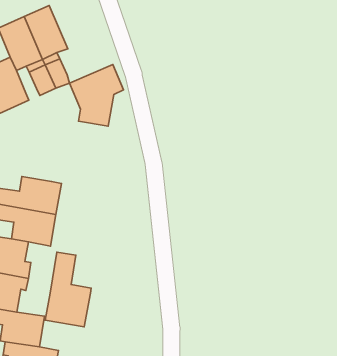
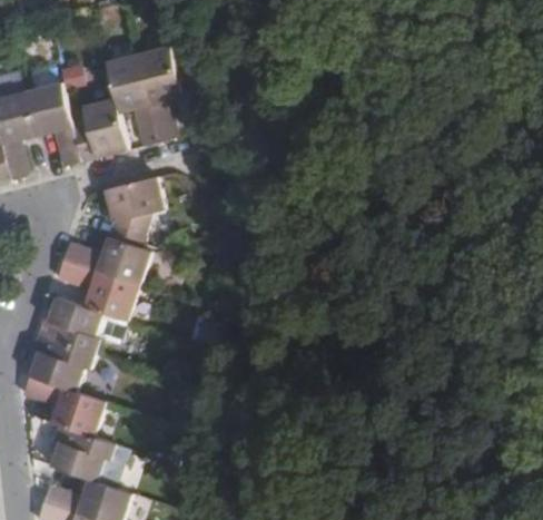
building: [69,65,124,126] -> [102,178,164,248]
building: [45,252,91,327] -> none

